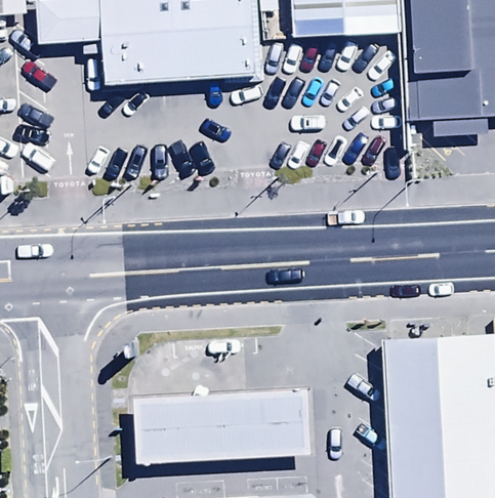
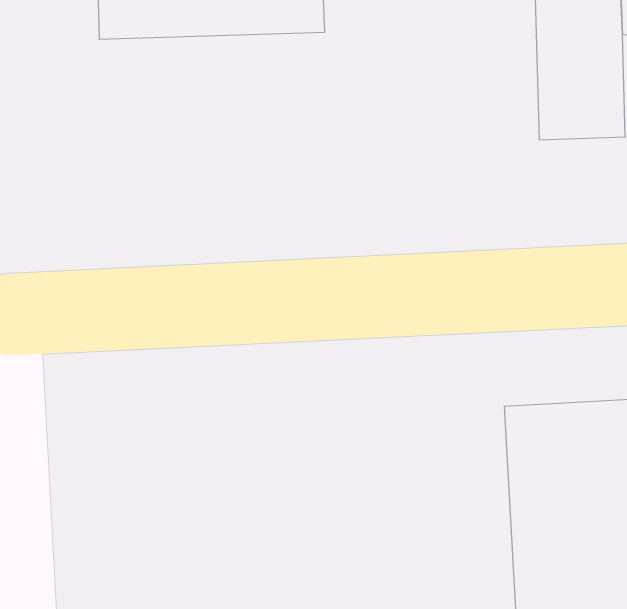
building: [133,388,306,465] -> none

